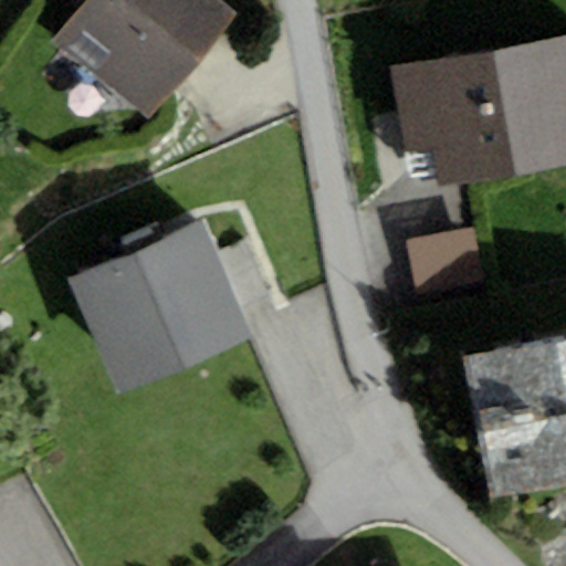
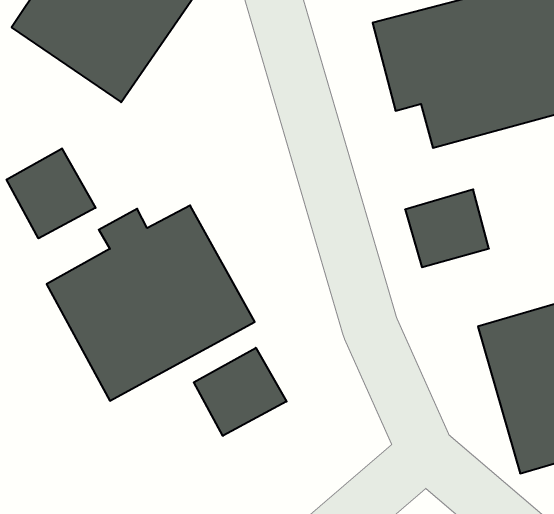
building: none -> [7,148,96,238]
building: none -> [194,348,287,436]

